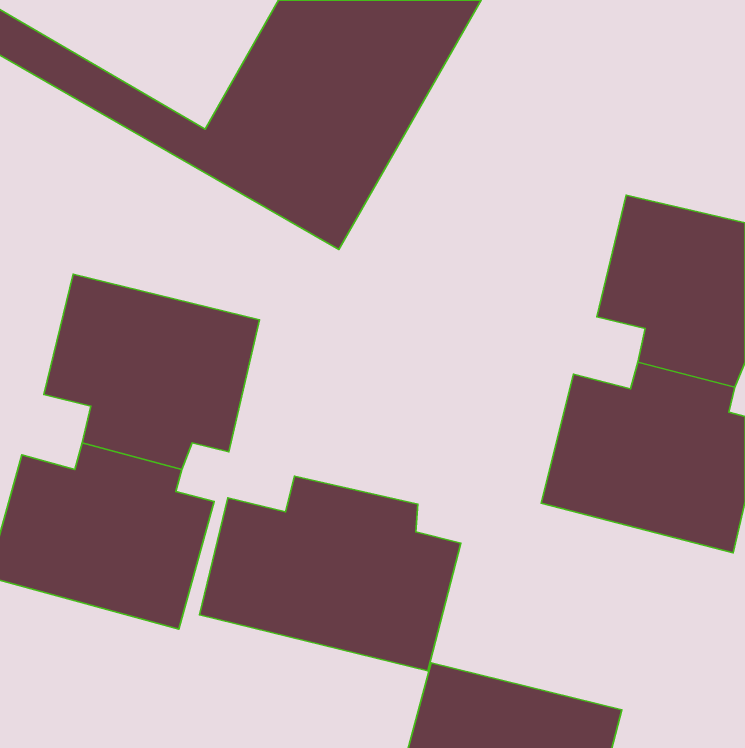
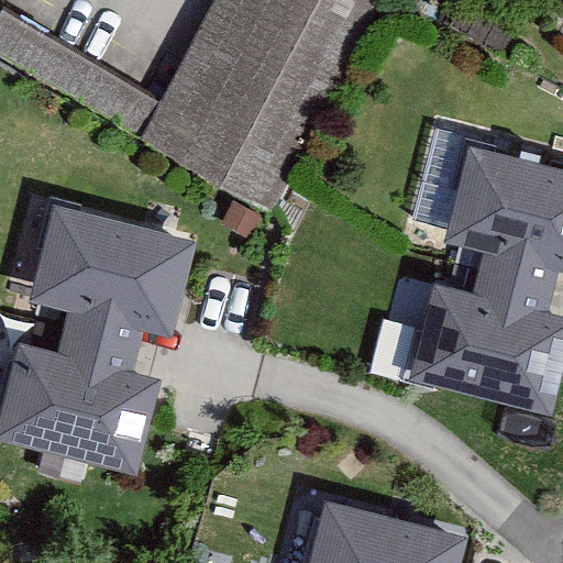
building: [199,476,461,671] -> none

